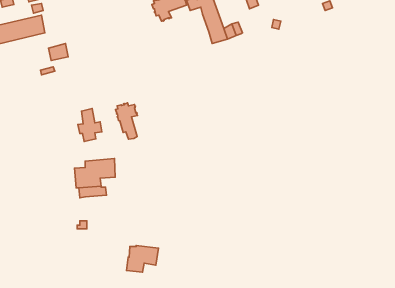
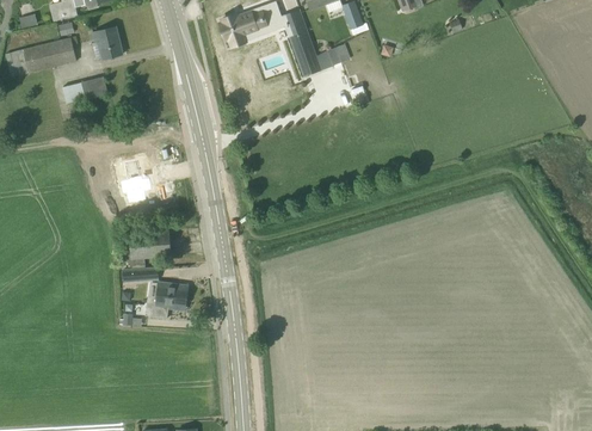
building: none -> [92,26,123,60]
building: [116,103,137,139] -> none
building: [126,245,158,272] -> [146,282,189,318]

